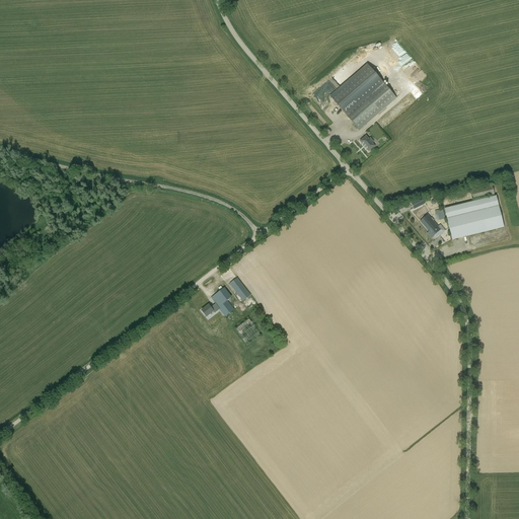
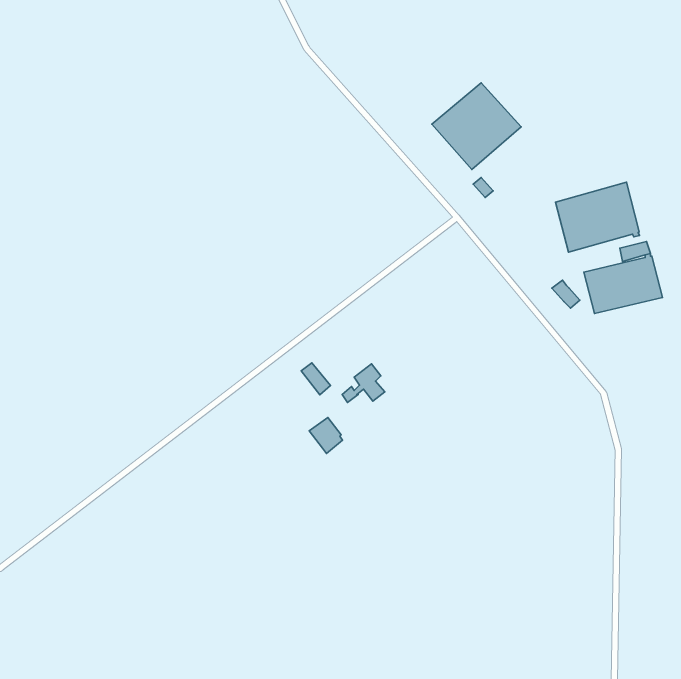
building: none -> [556,182,640,252]
building: [202,286,234,315] -> [342,364,385,402]

